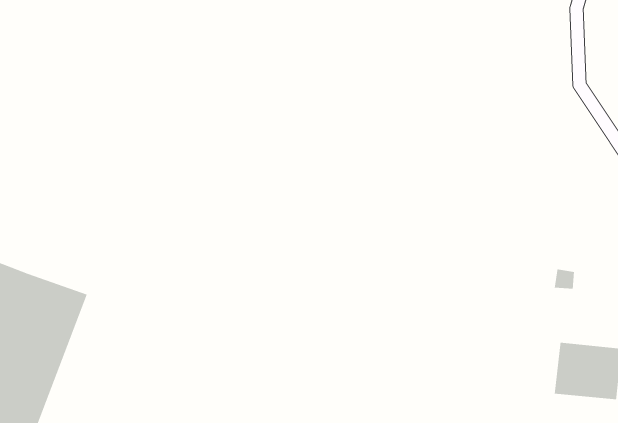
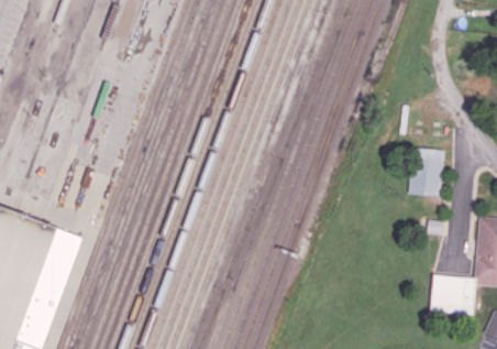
building: none -> [408,152,443,199]

